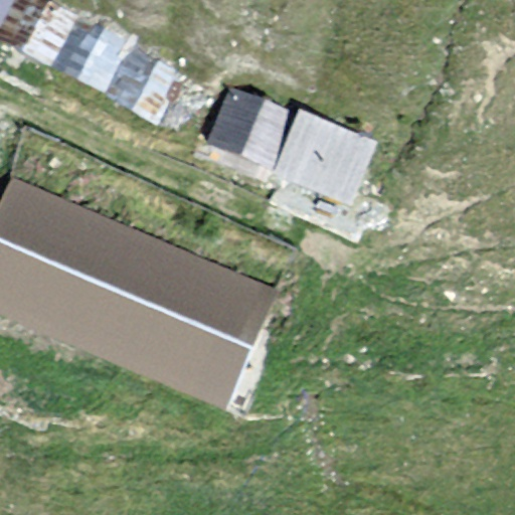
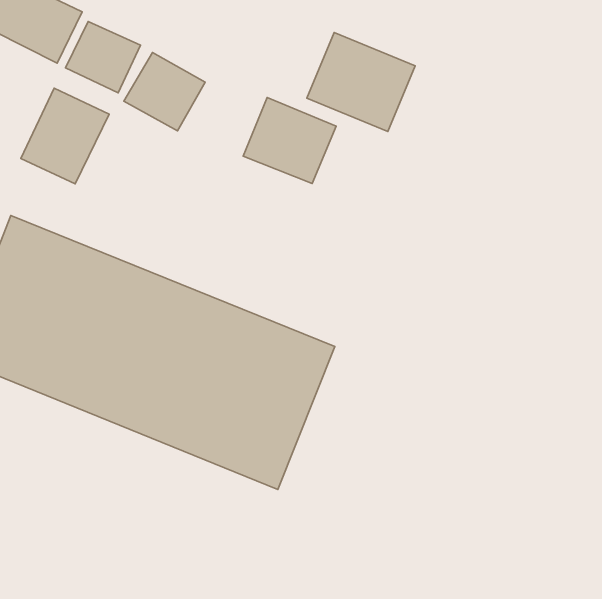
building: none -> [21,88,109,184]
building: [274,108,365,191] -> [307,33,415,131]

